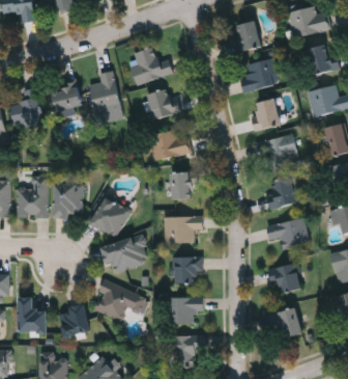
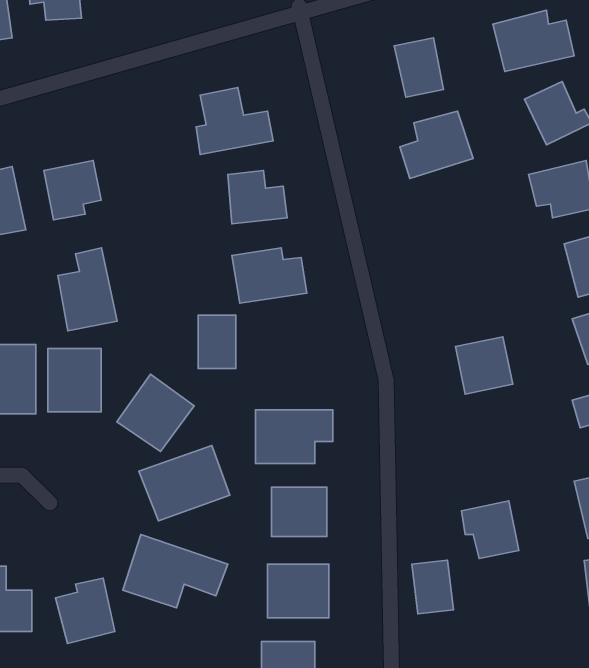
building: [89,71,120,114] -> [58,248,117,331]
building: [252,99,281,131] -> none
building: [256,135,299,171] -> none
building: [171,172,191,200] -> [198,315,236,369]
building: [266,220,309,248] -> none
building: [279,309,300,337] -> [412,560,454,614]

